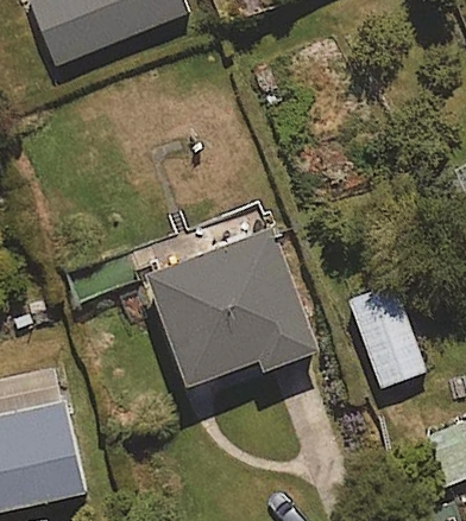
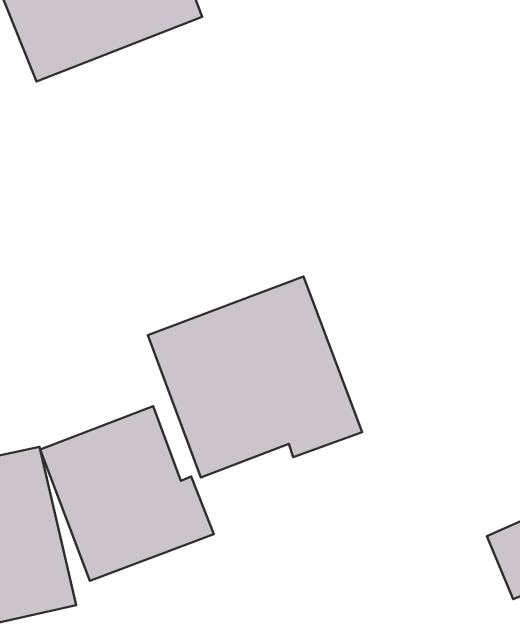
building: [345,277,433,393] -> none
building: none -> [40,406,214,581]

